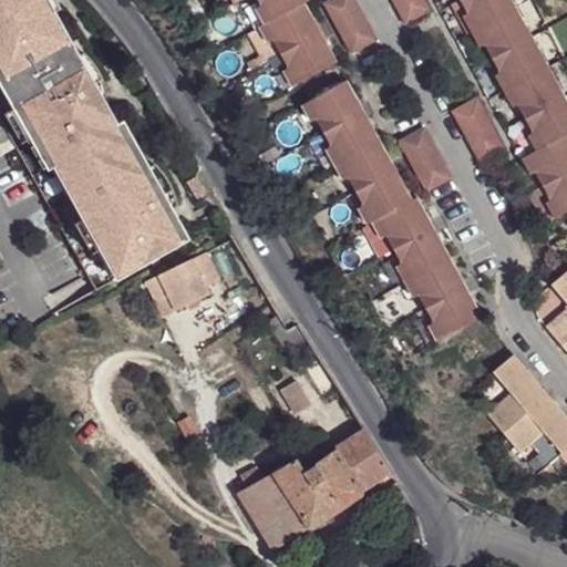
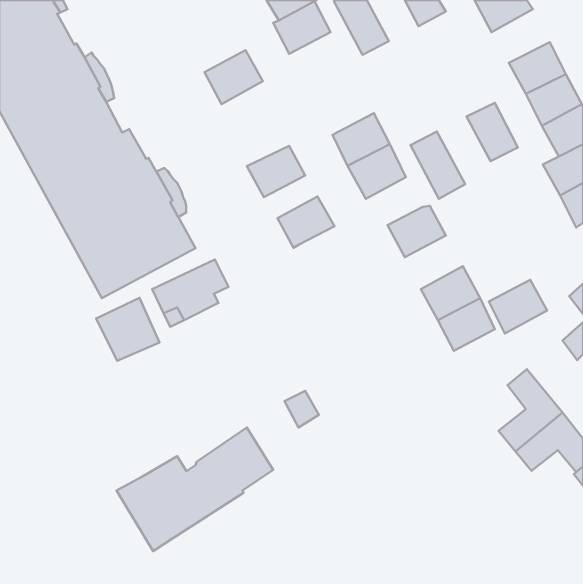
building: [476,9,533,61] -> none
building: [280,31,337,83] -> [204,50,263,104]
building: [306,81,362,131] -> [247,146,305,197]
building: [354,172,410,221] -> [277,196,335,248]
building: [392,228,449,280] -> [489,280,547,333]
building: none -> [96,298,159,361]
building: [239,429,391,548] -> [117,428,273,551]

